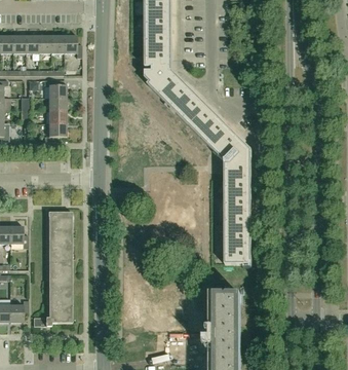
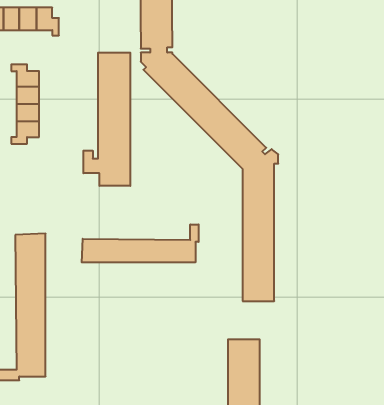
building: none -> [83,53,130,186]
building: none -> [82,224,199,262]

